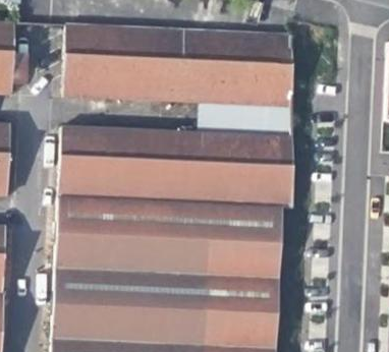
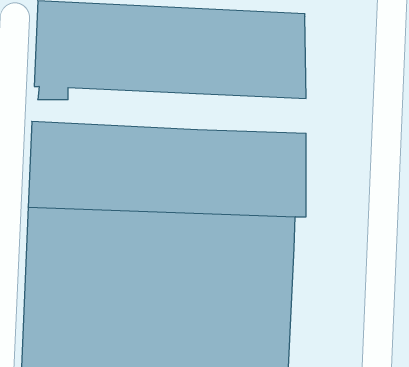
building: [200,103,292,136] -> none

